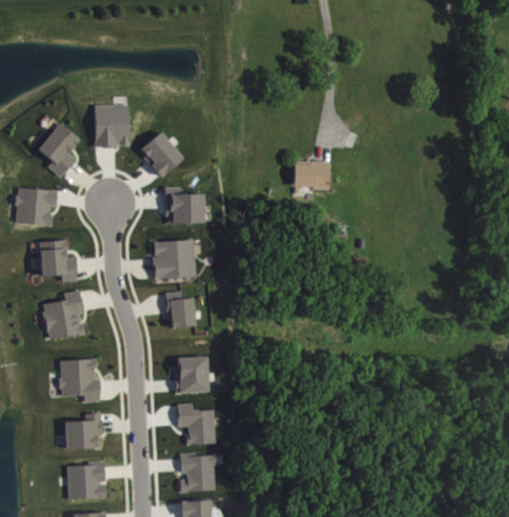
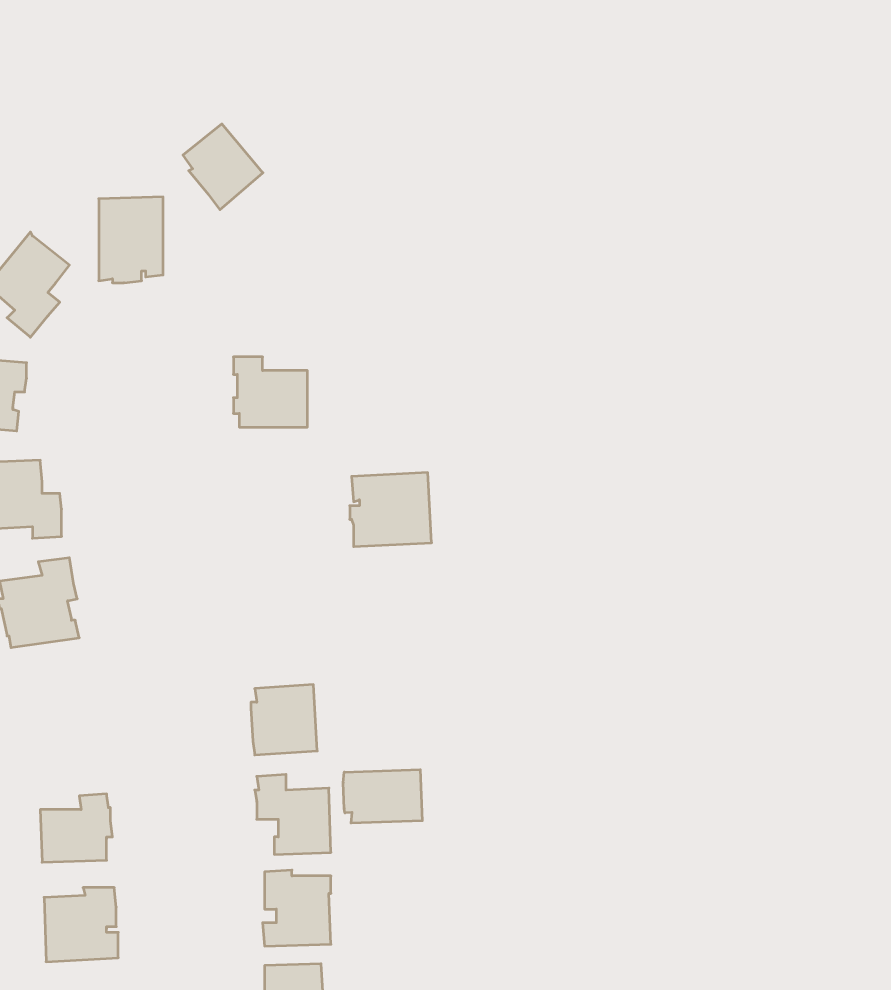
building: [141,132,183,177] -> [183,124,263,210]
building: [295,162,330,189] -> none
building: [152,240,195,279] -> [350,473,432,547]
building: [165,291,194,327] -> none
building: [58,359,99,402] -> none
building: none -> [343,770,422,823]

